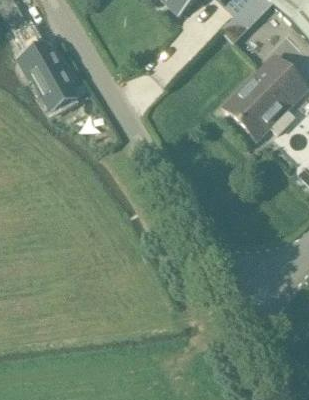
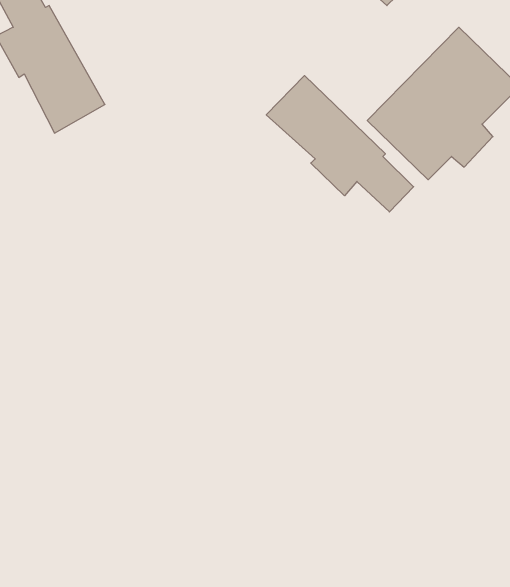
building: none -> [266,76,414,212]

